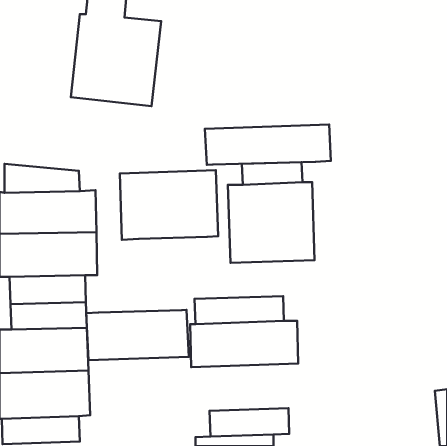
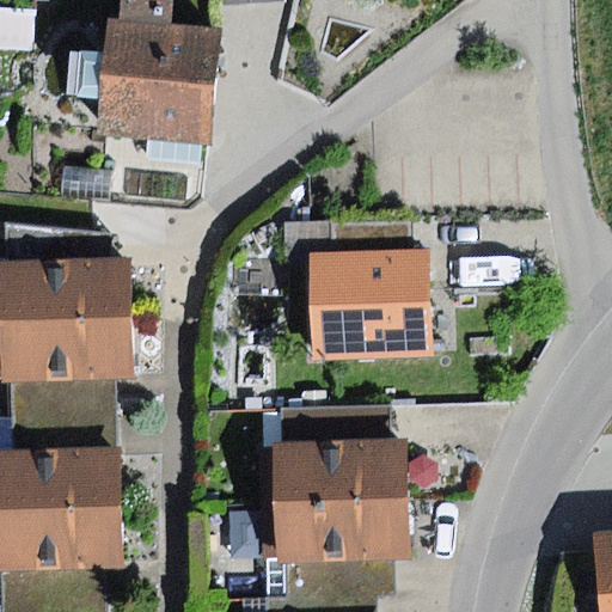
building: [205,125,331,165] -> none
building: [120,170,218,240] -> none
building: [86,310,189,360] -> none
building: none -> [261,496,409,562]

